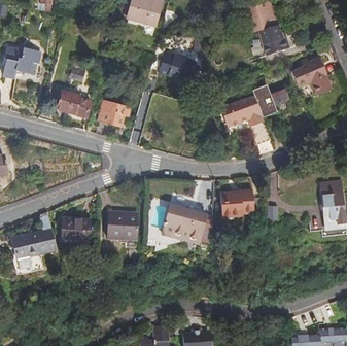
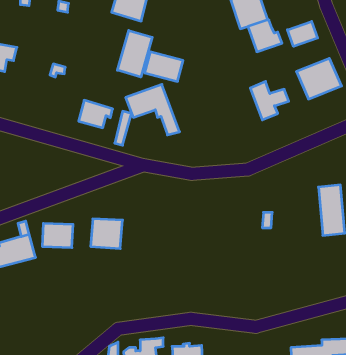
building: none -> [287,21,318,46]
building: none -> [117,30,152,77]
building: [56,90,89,116] -> none
building: [219,96,270,143] -> [126,84,180,135]
building: [223,191,253,215] -> none
building: [167,203,217,247] -> none

